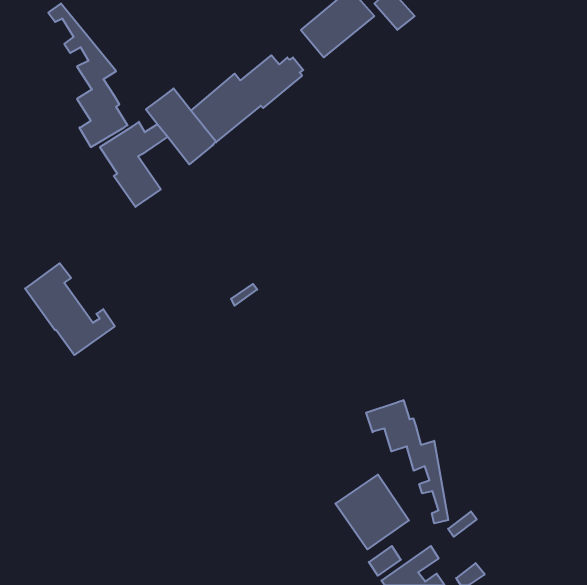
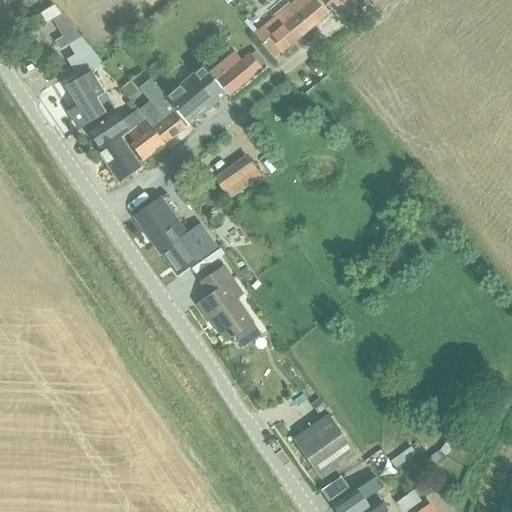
building: none -> [127,119,165,160]
building: none -> [215,152,264,197]
building: [25,263,115,355] -> [135,193,213,273]
building: none -> [196,264,261,346]
building: [366,400,448,523] -> none

